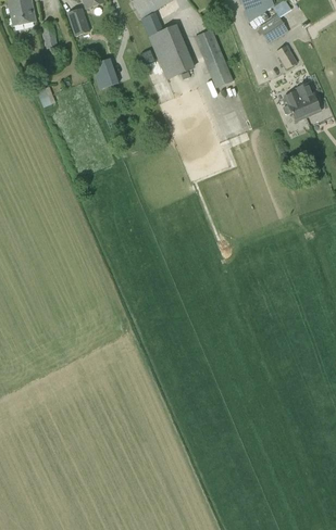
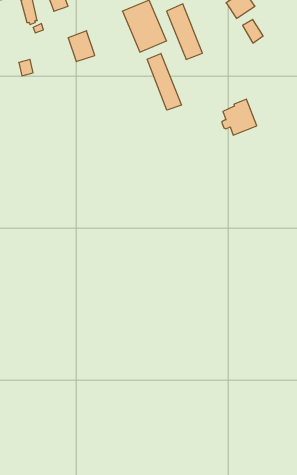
building: none -> [147,53,181,110]
building: [283,81,320,119] -> [222,99,257,135]

